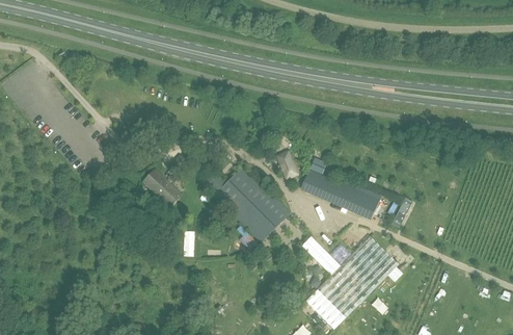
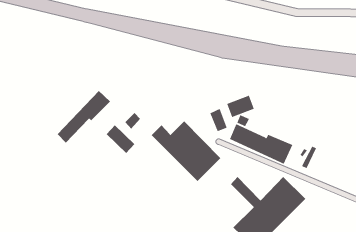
building: none -> [57,90,111,143]
building: none -> [227,95,254,118]

